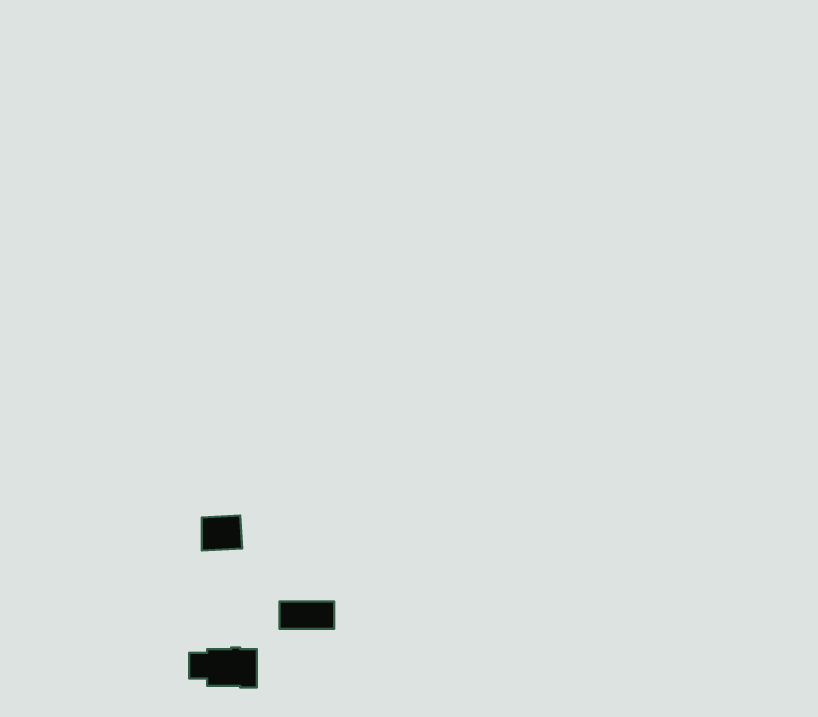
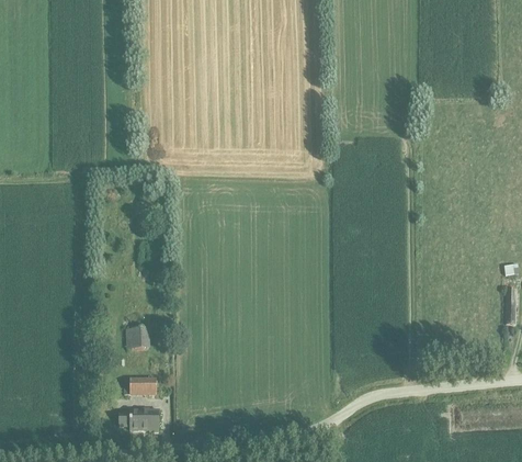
building: [279,601,334,629] -> [124,376,157,393]

